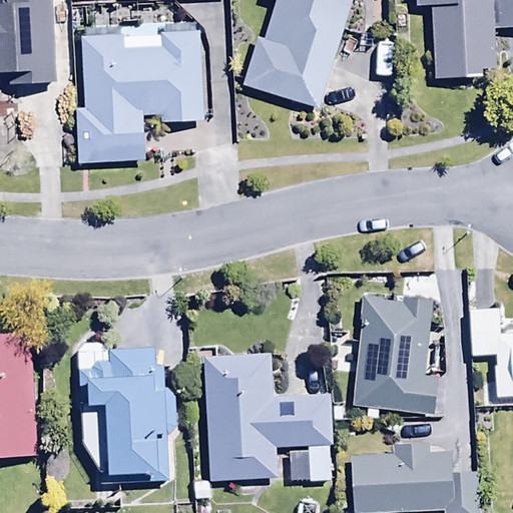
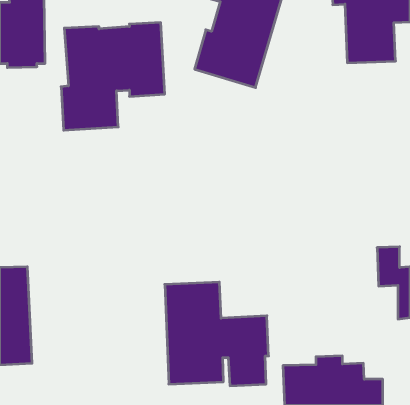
building: [351,297,439,415] -> none
building: [80,341,177,481] -> none

